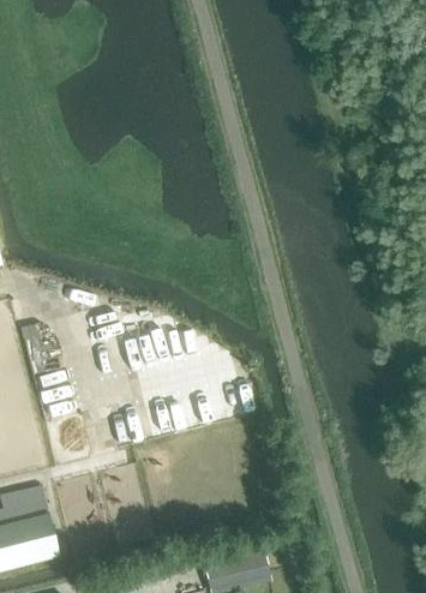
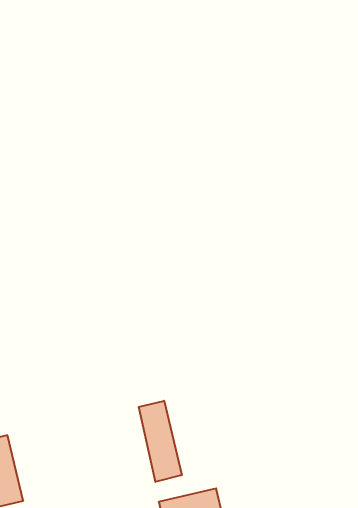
building: none -> [139,401,182,482]

